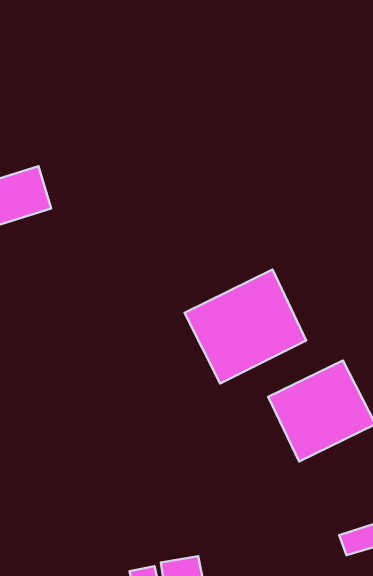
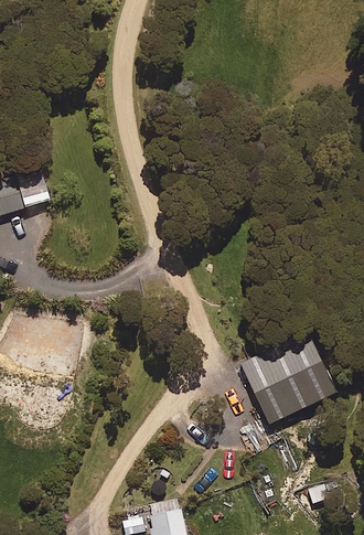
building: [185,270,306,383] -> none

